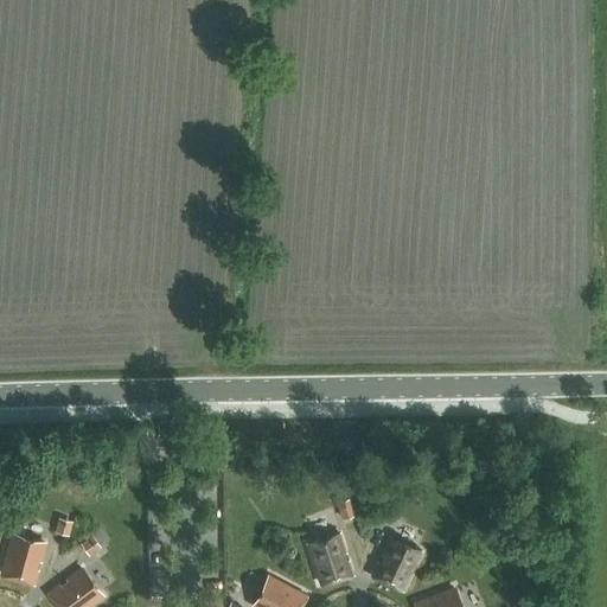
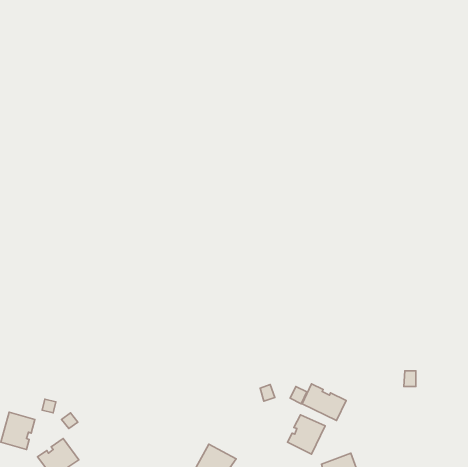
building: none -> [302,384,346,421]
building: [307,535,353,583] -> none

